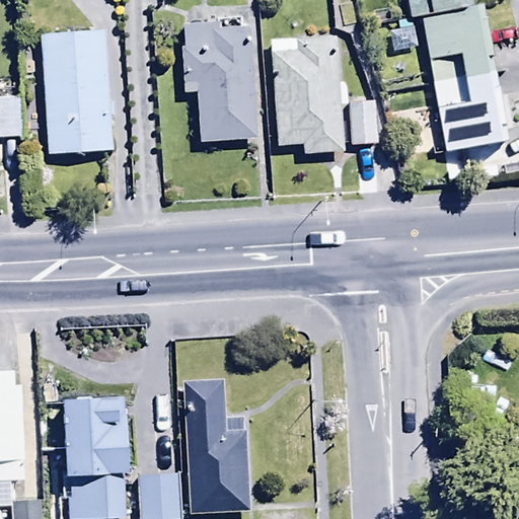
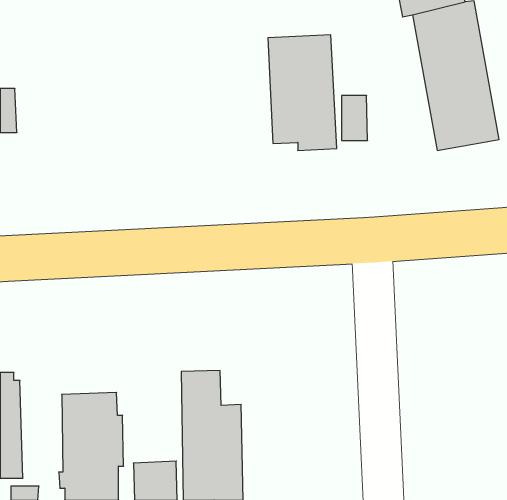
building: [180,19,256,144] -> none
building: [43,29,112,154] -> none

